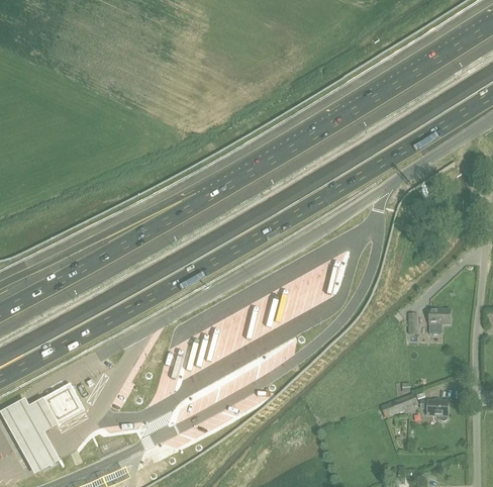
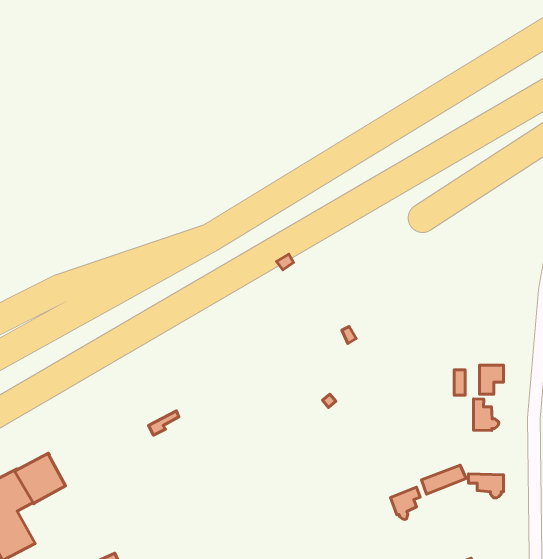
building: none -> [473,399,499,431]
building: none -> [391,487,420,519]

